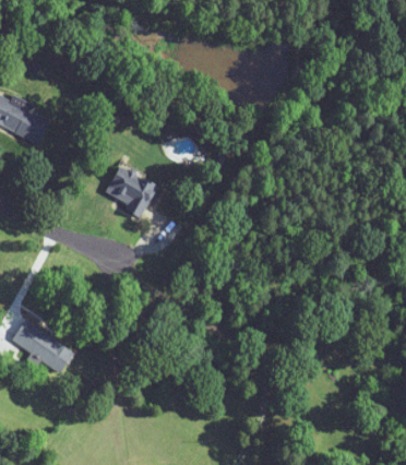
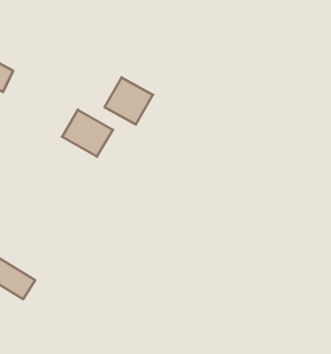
building: none -> [105,77,153,124]

